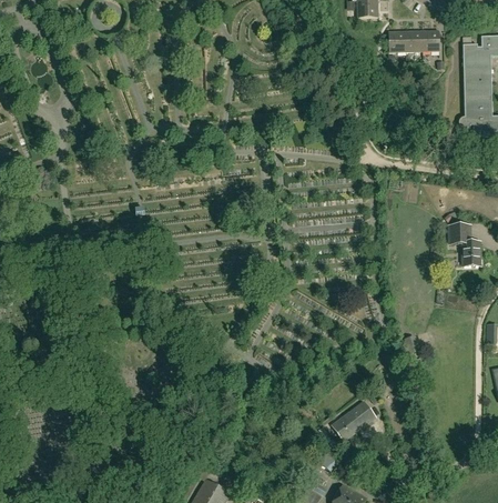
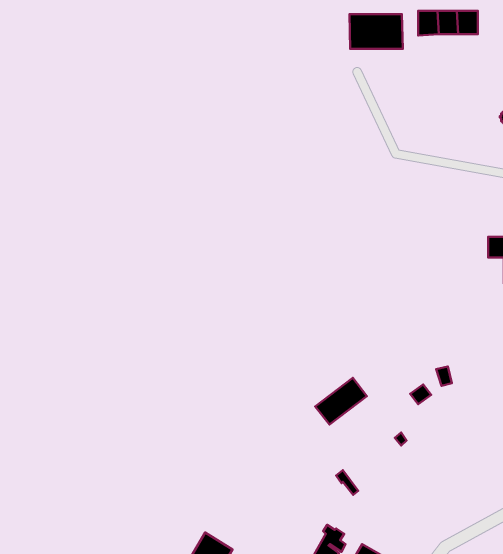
building: none -> [349,14,403,49]
building: [332,400,376,440] -> [315,378,367,425]

